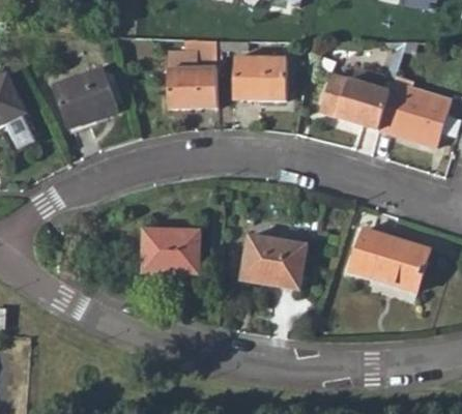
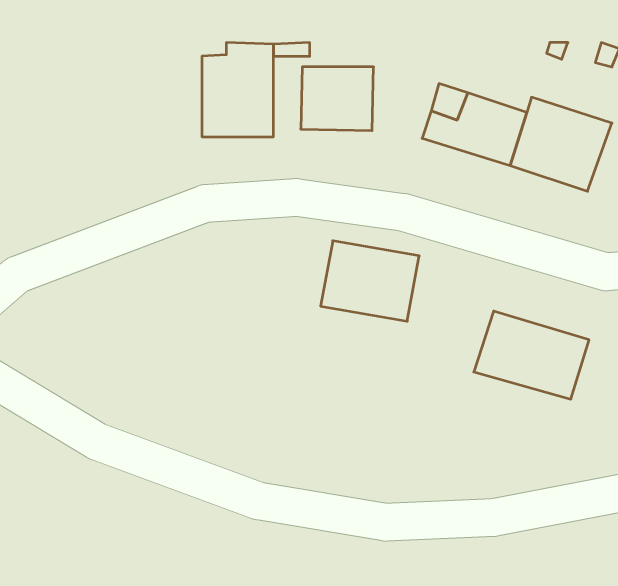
building: [52,71,117,132] -> none
building: [142,228,201,271] -> none
building: [233,246,300,301] -> [321,241,419,321]

